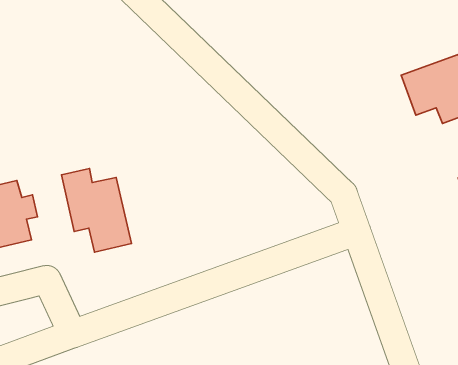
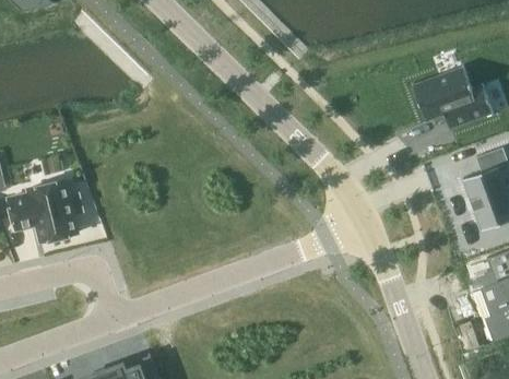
building: [62,168,131,252] -> none

